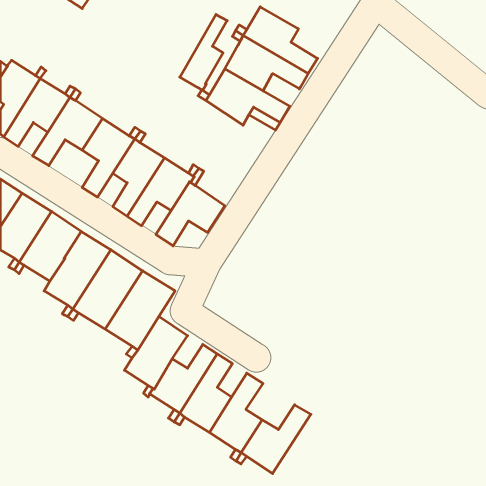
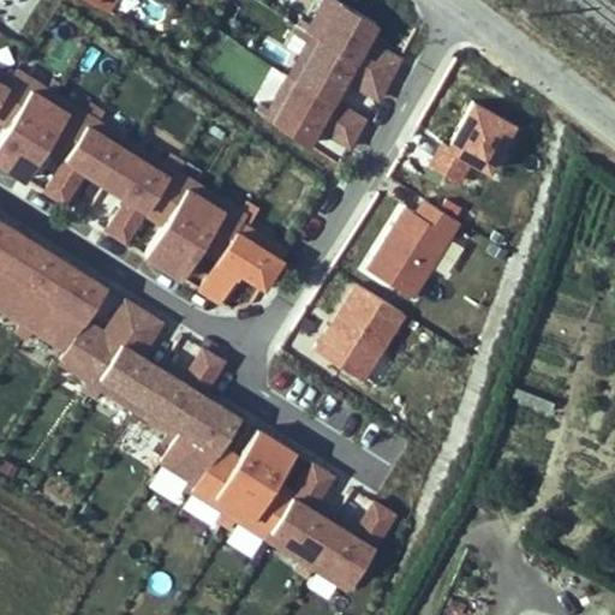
building: [180,14,227,90] -> none
building: none -> [431,88,520,175]
building: none -> [366,185,465,292]
building: none -> [315,275,406,372]

